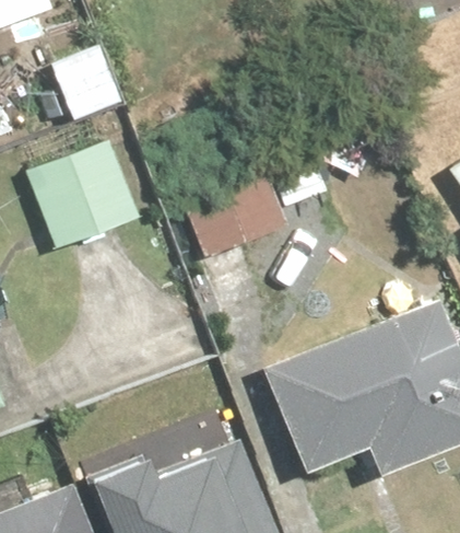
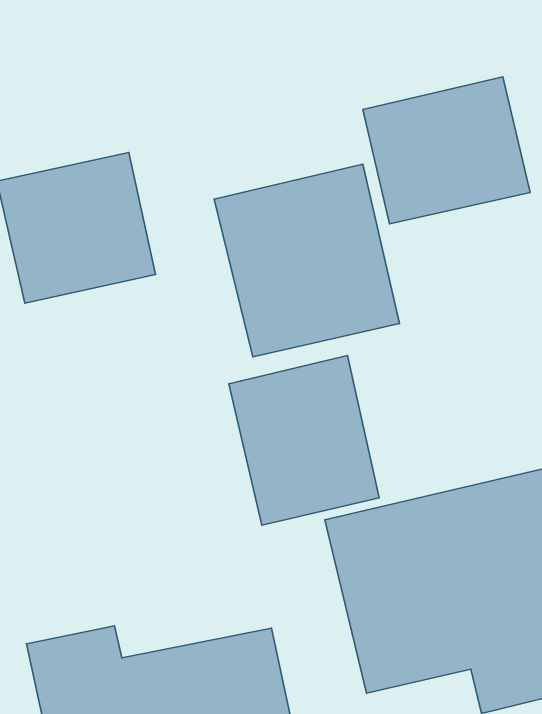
building: none -> [363,77,530,224]
building: none -> [229,356,379,525]

